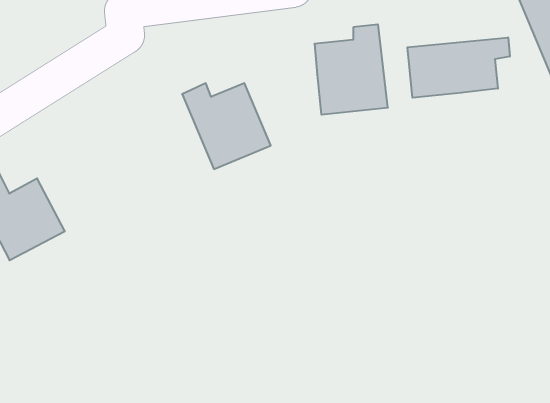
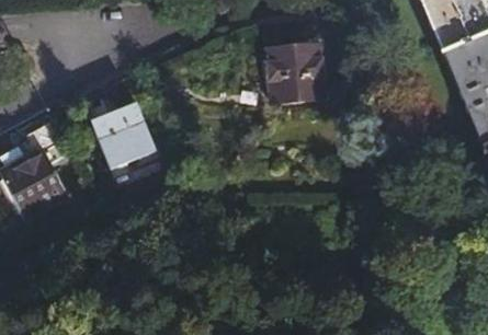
building: [407,37,510,98] -> none
building: [182,83,271,169] -> [83,103,154,171]

